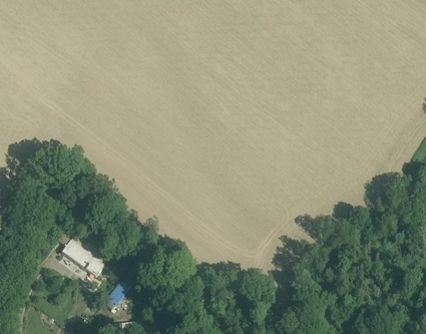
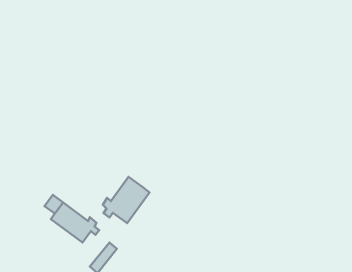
building: none -> [103,177,150,223]

